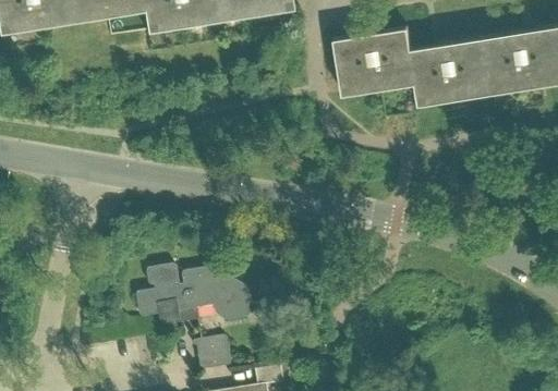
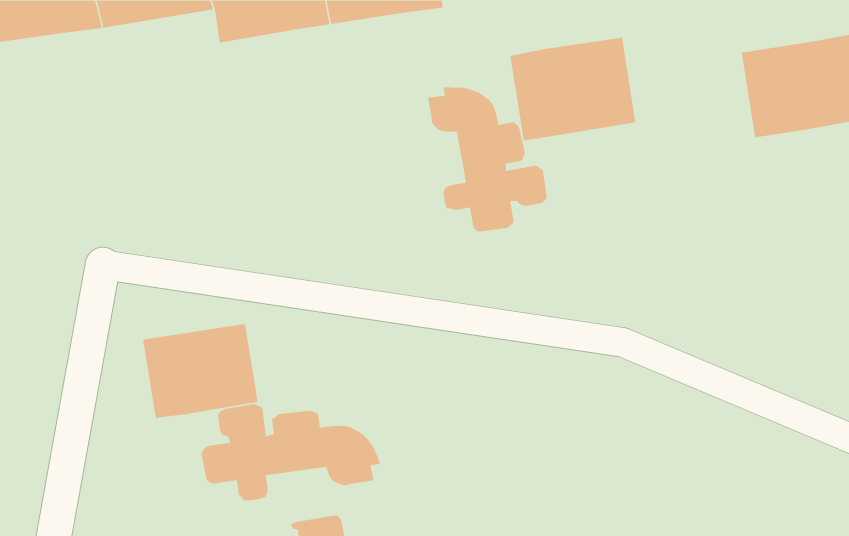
building: [411,38,493,106] -> none
building: none -> [427,87,547,232]
building: none -> [142,323,259,419]

